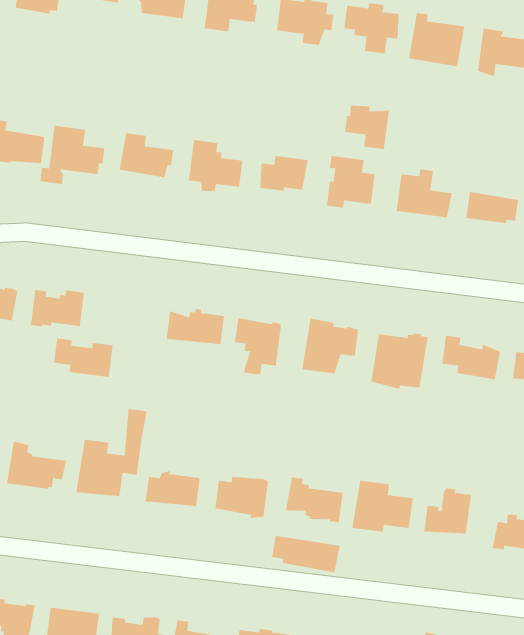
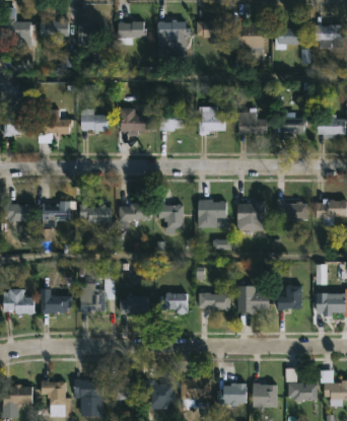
building: [344,105,389,150] -> none
building: [53,338,114,377] -> [79,204,112,222]
building: [271,535,340,573] -> none

